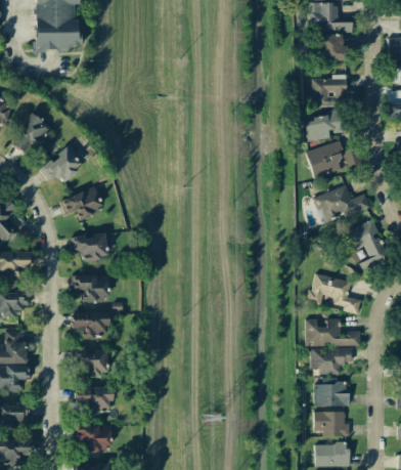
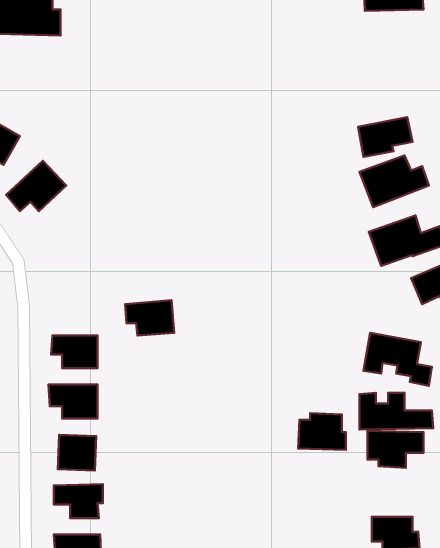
building: [320,34,349,60] -> none
building: [311,77,347,105] -> none
building: [60,187,102,219] -> none
building: [74,233,110,260] -> [125,300,174,335]
building: [313,379,349,407] -> [298,413,346,450]

